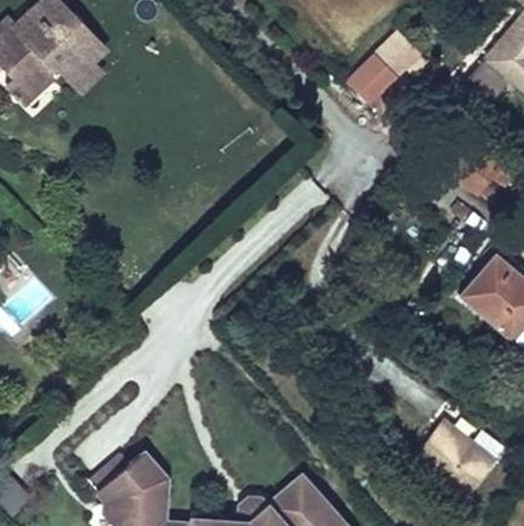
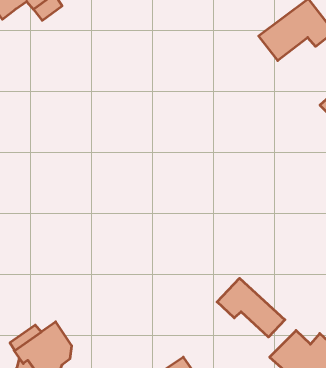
building: none -> [217,278,285,337]

